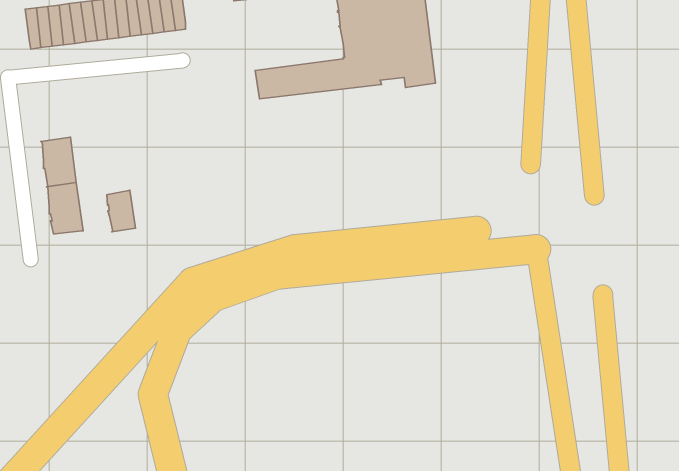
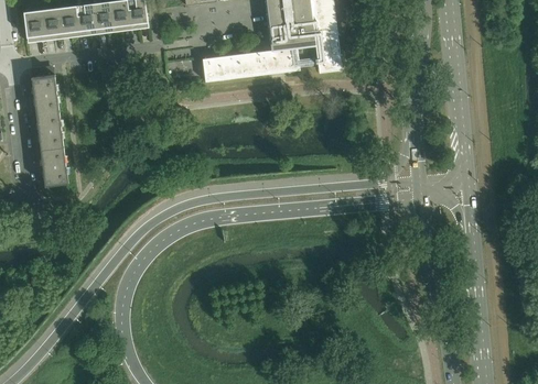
building: none -> [31,67,58,114]
building: [107,190,135,232] -> none

